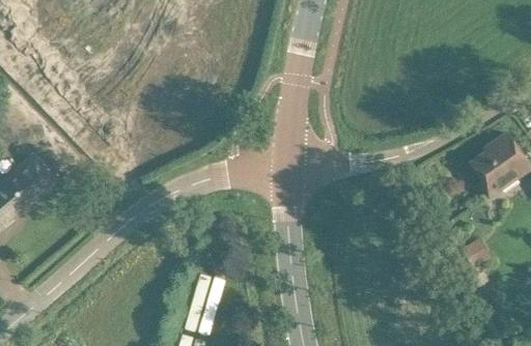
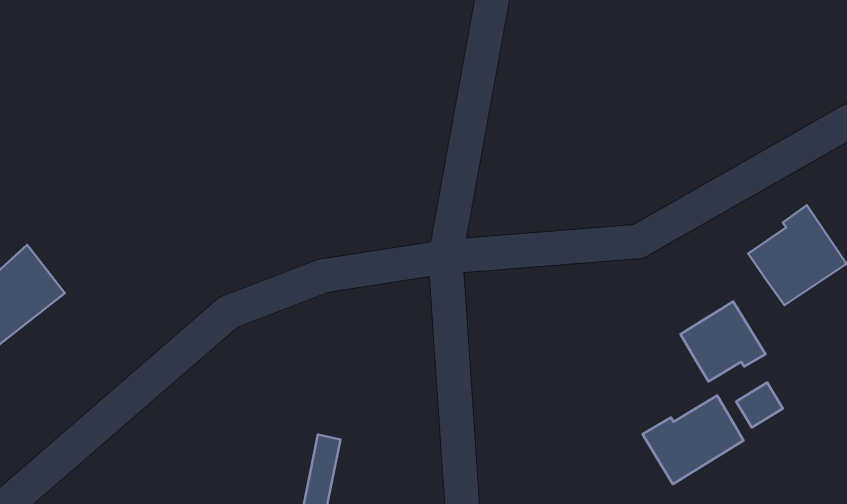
building: none -> [681,301,765,381]
building: none -> [642,395,743,484]

